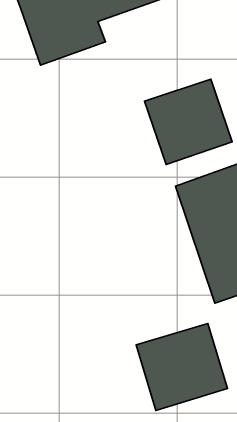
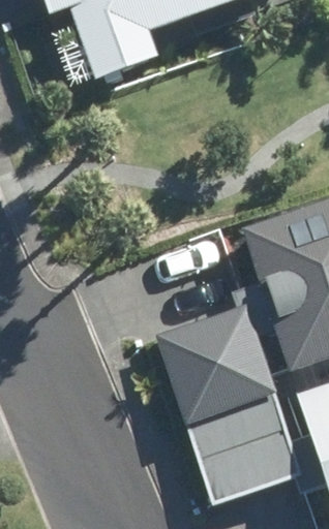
building: [144,79,232,164] -> none
building: none -> [159,305,276,423]

